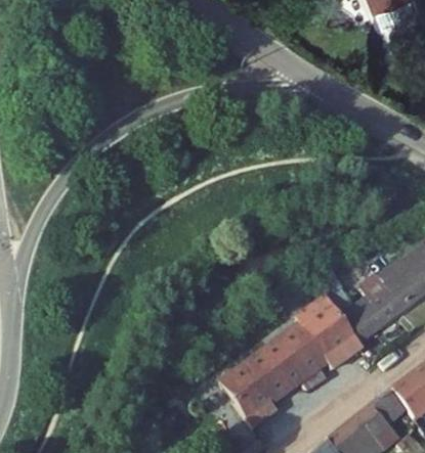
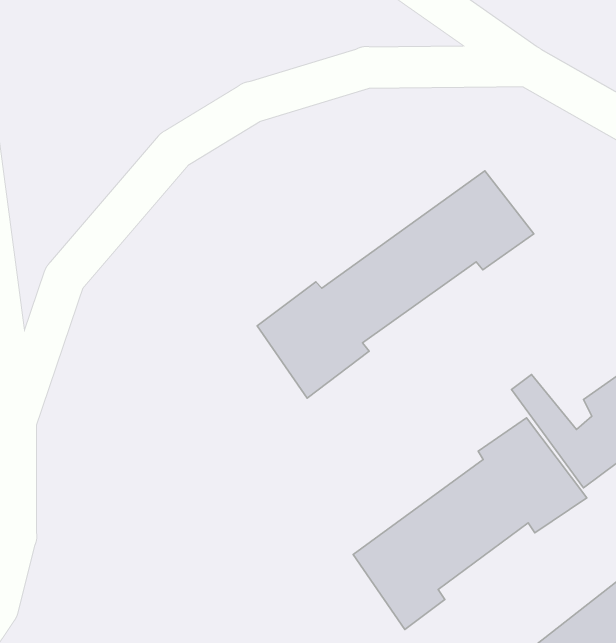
building: none -> [257,171,534,398]

